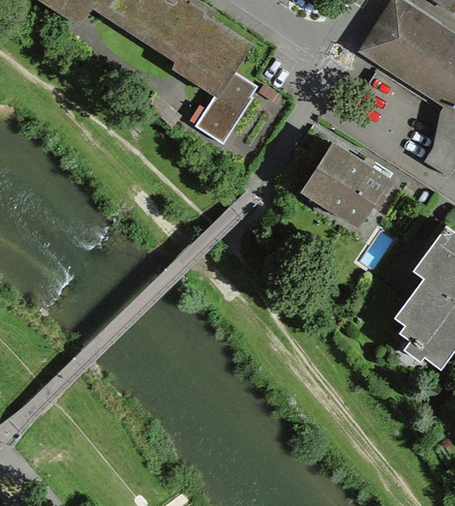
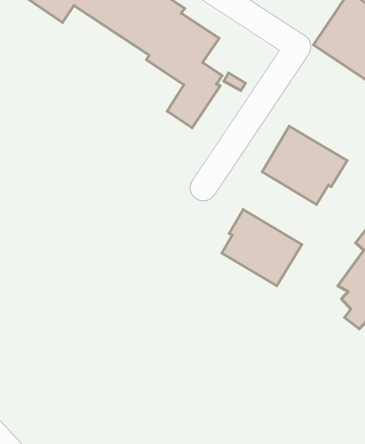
building: none -> [222,209,302,286]

